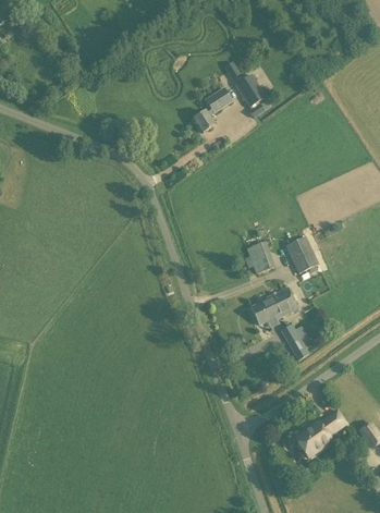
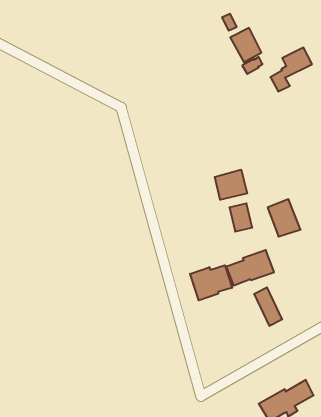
building: [194,87,233,132] -> [270,48,312,91]
building: none -> [215,170,247,200]
building: none -> [190,265,232,300]

